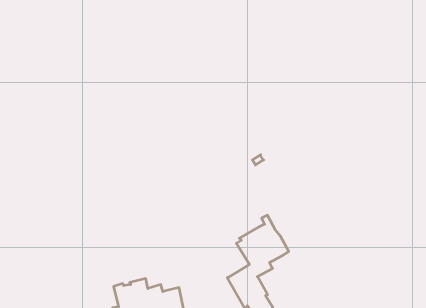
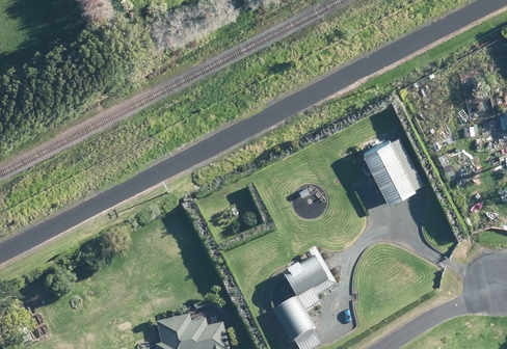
building: none -> [361,136,421,202]

